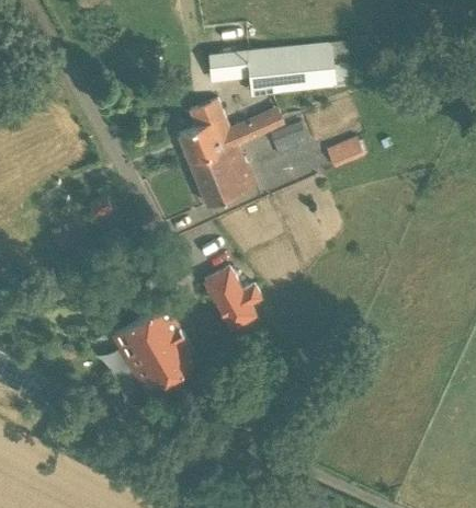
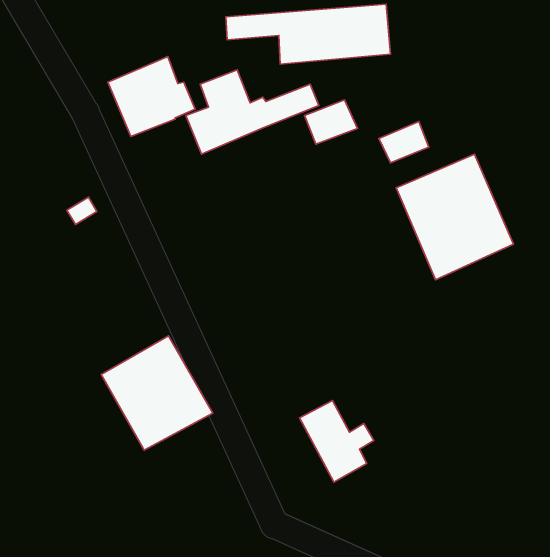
building: [190,142,257,204] -> [108,56,195,136]
building: none -> [396,154,514,280]
building: [204,266,261,328] -> [299,401,374,482]

